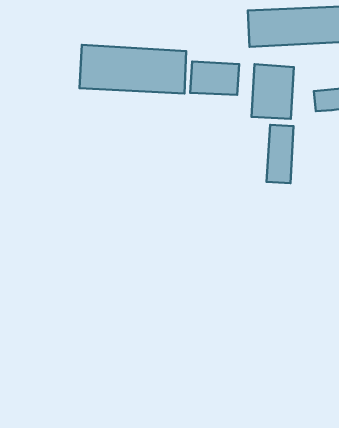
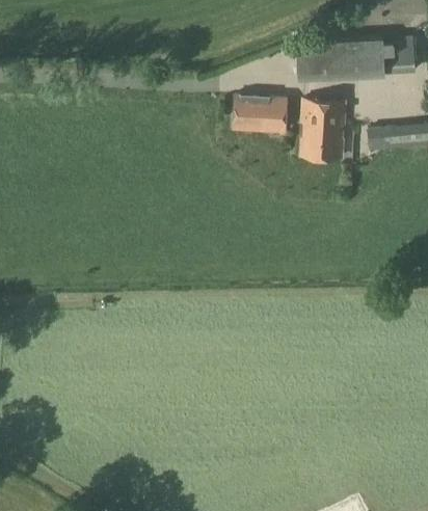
building: [79,45,186,93] -> none
building: [266,125,293,183] -> none

